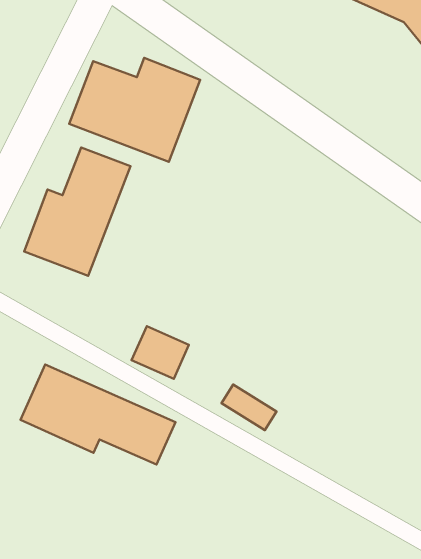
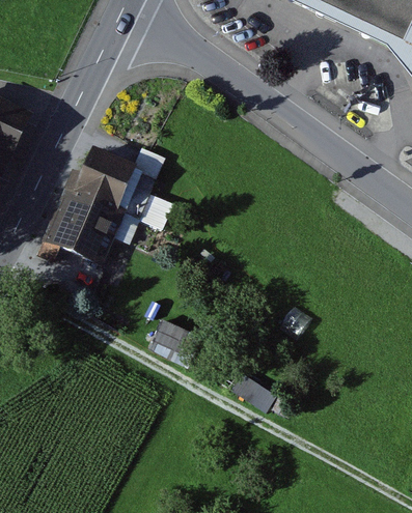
building: [69,58,200,162] -> none
building: [20,364,175,465] -> none

